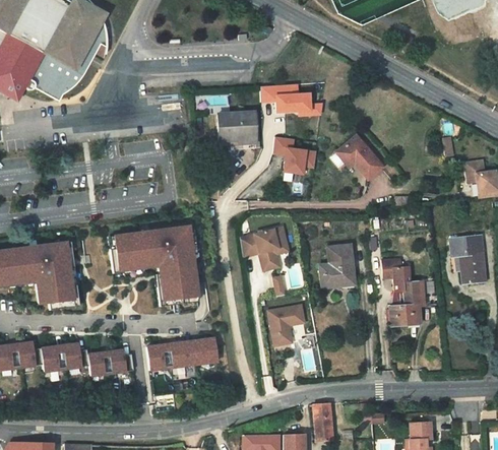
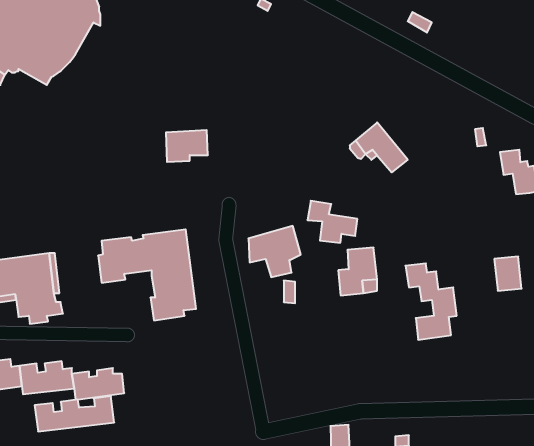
building: [260,81,319,113] -> none
building: [216,110,254,138] -> [166,130,208,162]
building: [273,135,318,173] -> [307,201,357,243]
building: [449,233,484,254] -> none
building: [265,310,302,350] -> none
building: [142,339,213,371] -> [35,396,114,431]

